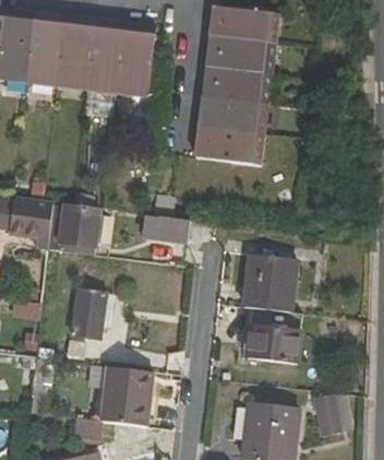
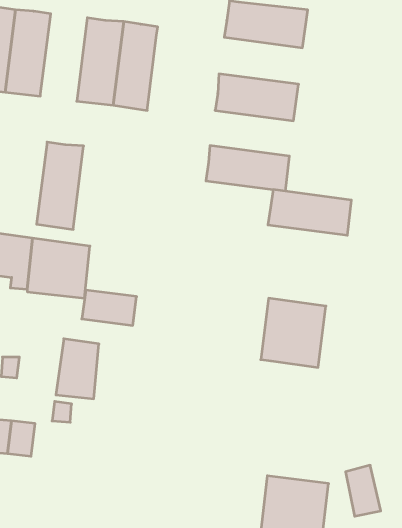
building: [57,16,96,90] -> [37,142,84,229]
building: [206,36,276,75] -> none
building: [199,97,268,135] -> [268,190,351,235]
building: [142,213,188,243] -> [82,290,137,325]
building: [243,307,300,362] -> none
building: [99,366,152,425] -> none

